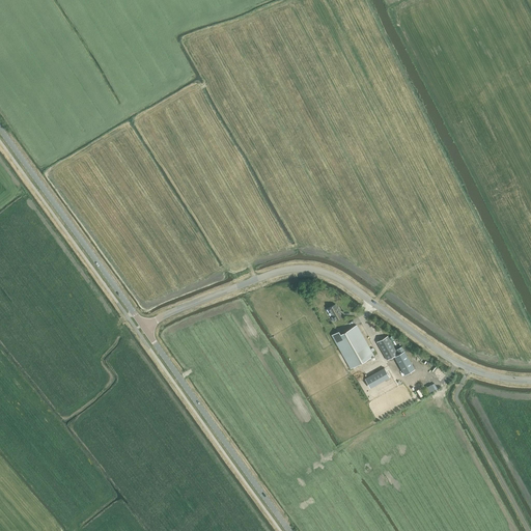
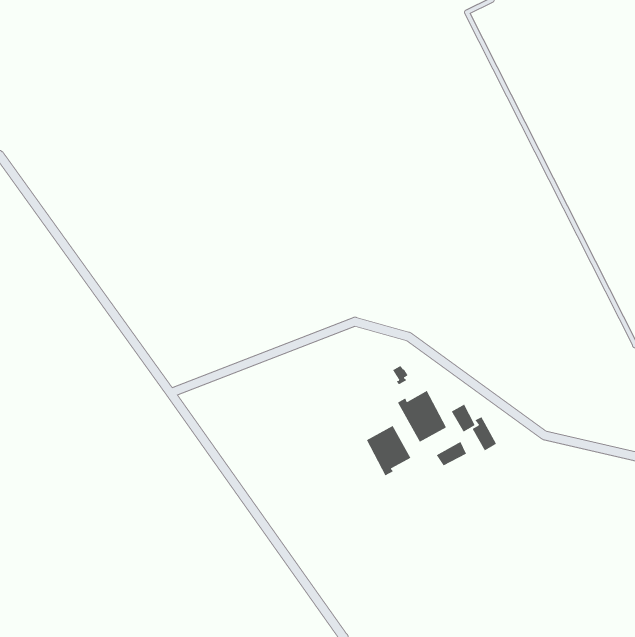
building: none -> [366,425,411,476]

